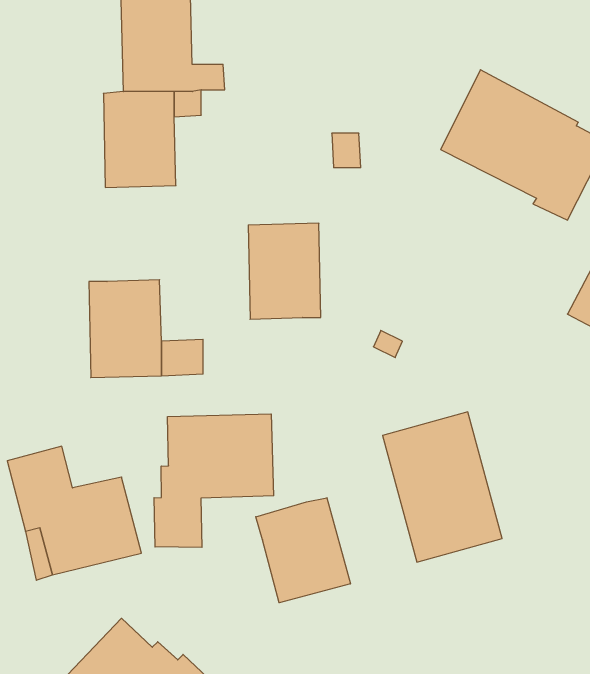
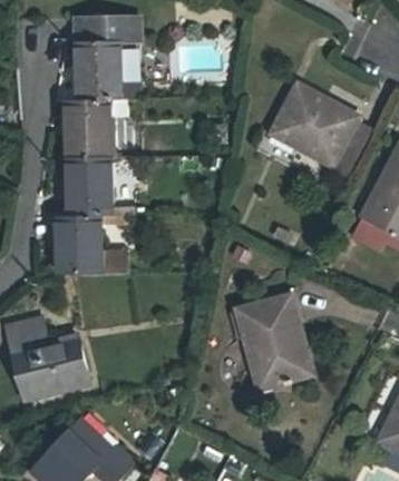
building: [248,223,321,319] -> [66,156,110,215]
building: [154,414,274,547] -> none
building: [256,498,350,603] -> none

